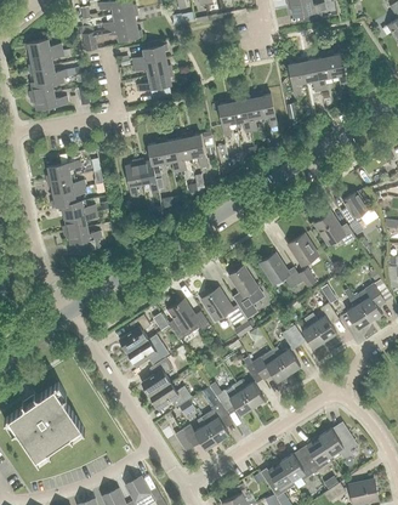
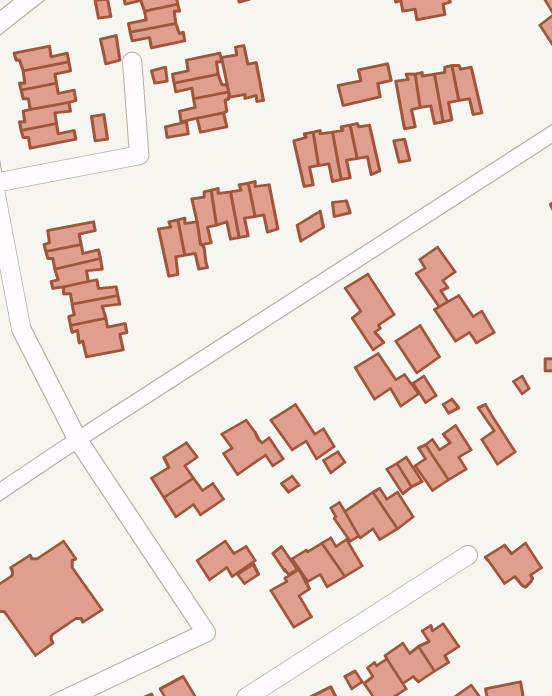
building: none -> [222,45,264,101]
building: none -> [338,64,391,105]
building: [341,192,368,233] -> [416,247,455,307]
building: [228,266,262,318] -> [345,274,394,350]
building: [354,283,387,320] -> none
building: [142,357,172,396] -> none
building: [175,416,217,450] -> none
building: [318,427,357,458] -> [485,543,541,587]

